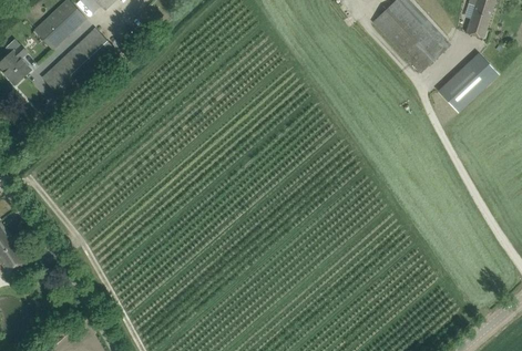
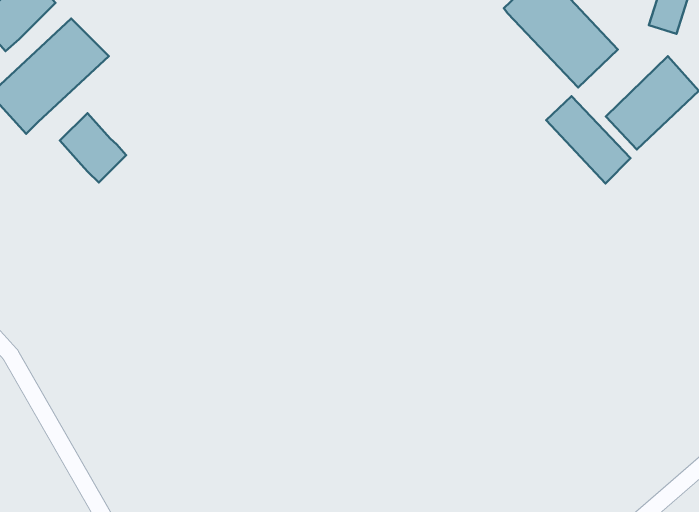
building: none -> [546,96,631,184]
building: none -> [60,113,126,182]

